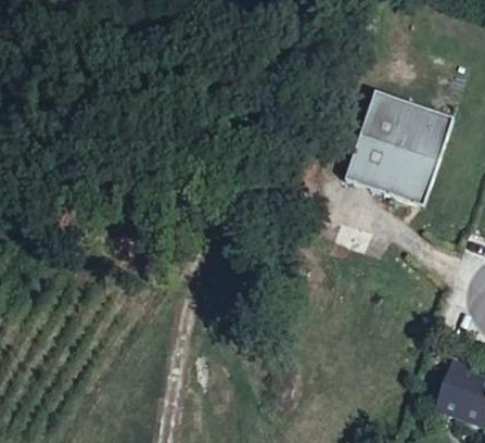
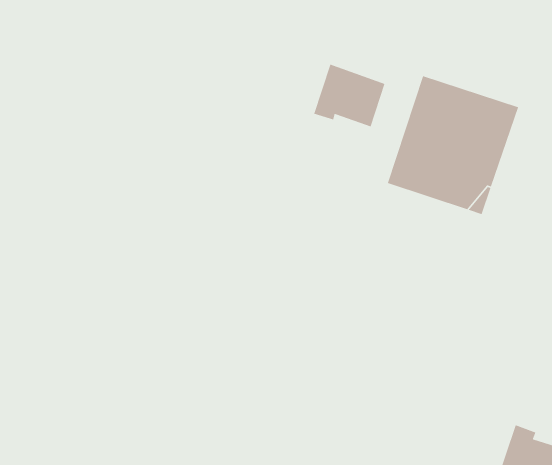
building: none -> [313,64,386,128]

